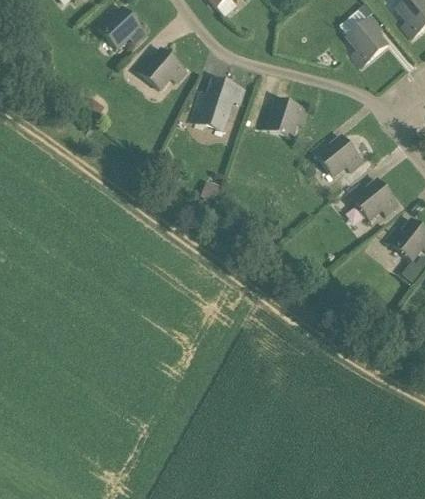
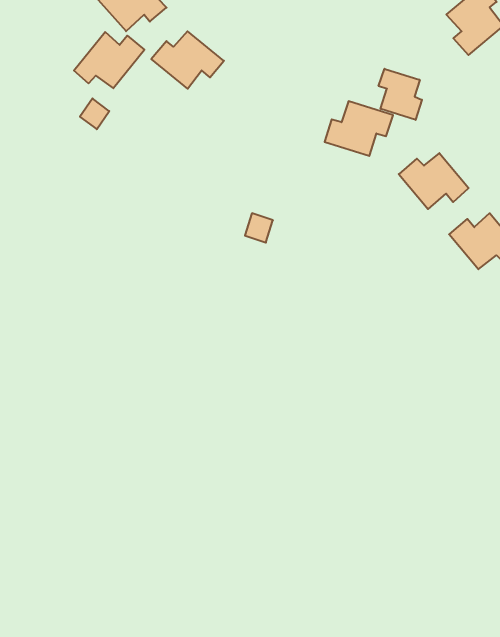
building: none -> [74,32,144,88]
building: none -> [379,69,422,120]
building: [193,77,244,130] -> none

